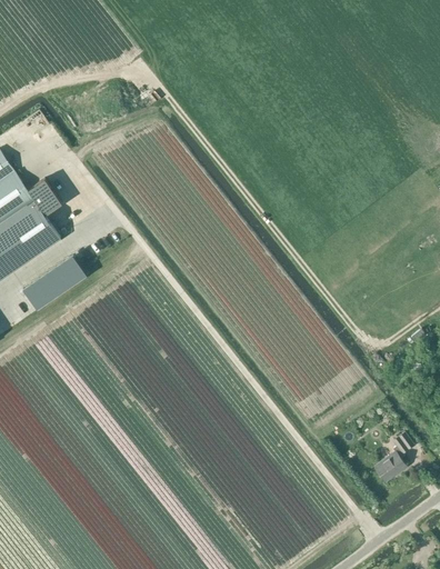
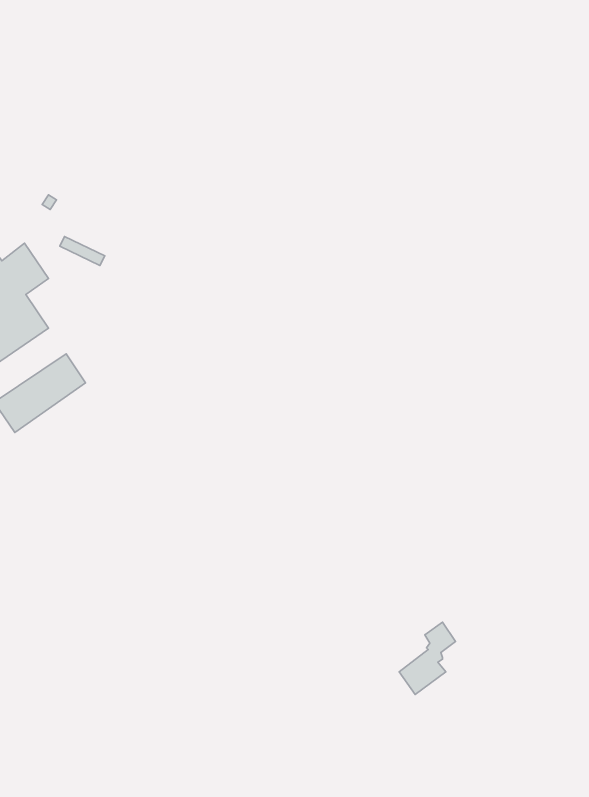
building: [373,433,412,483] -> [399,622,455,694]

